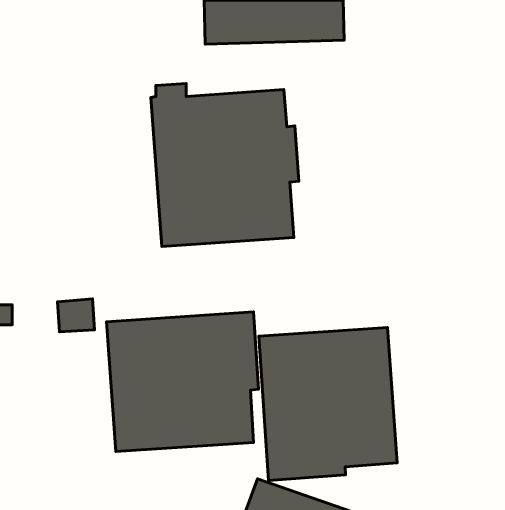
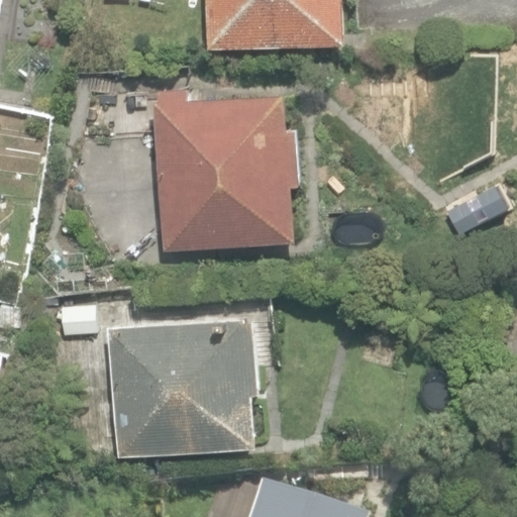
building: [259,327,397,480] -> none

